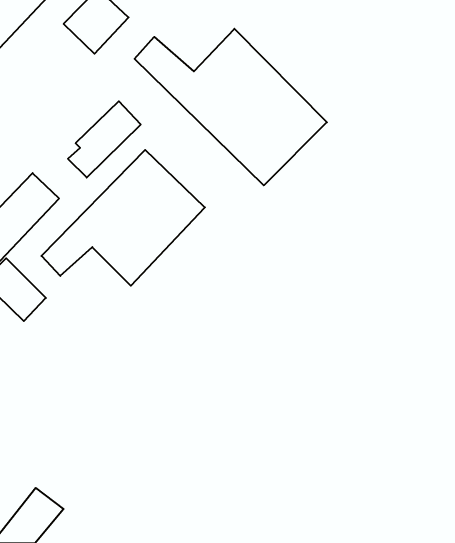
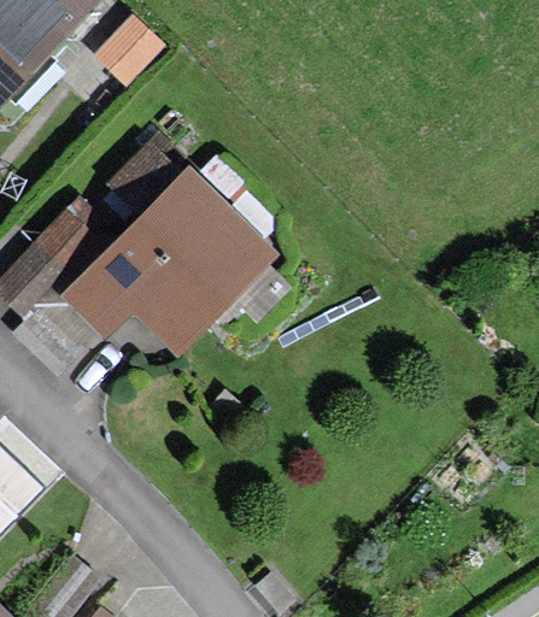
building: [135,29,327,185] -> none

